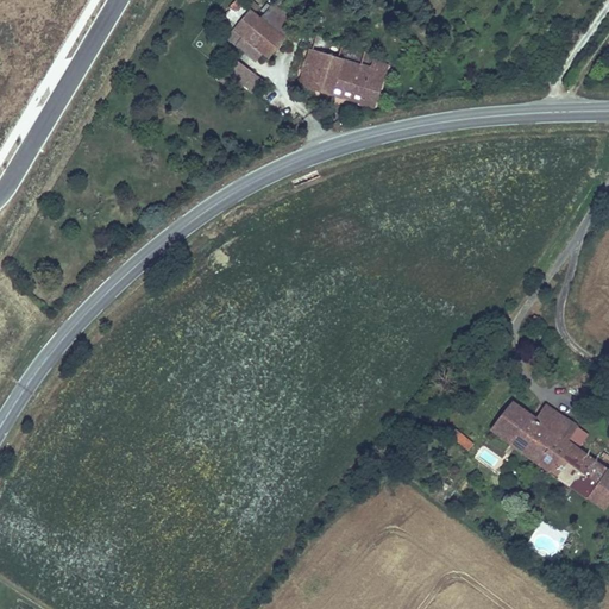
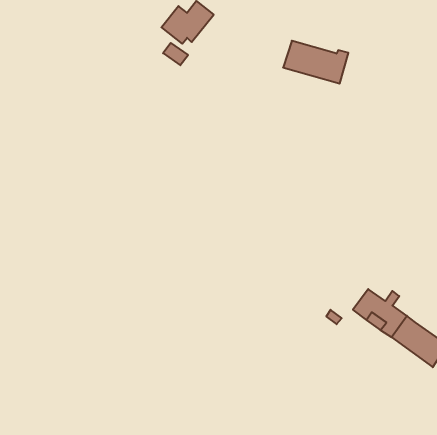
building: [297,46,388,106] -> [283,41,348,84]
building: [546,410,589,447] -> none

